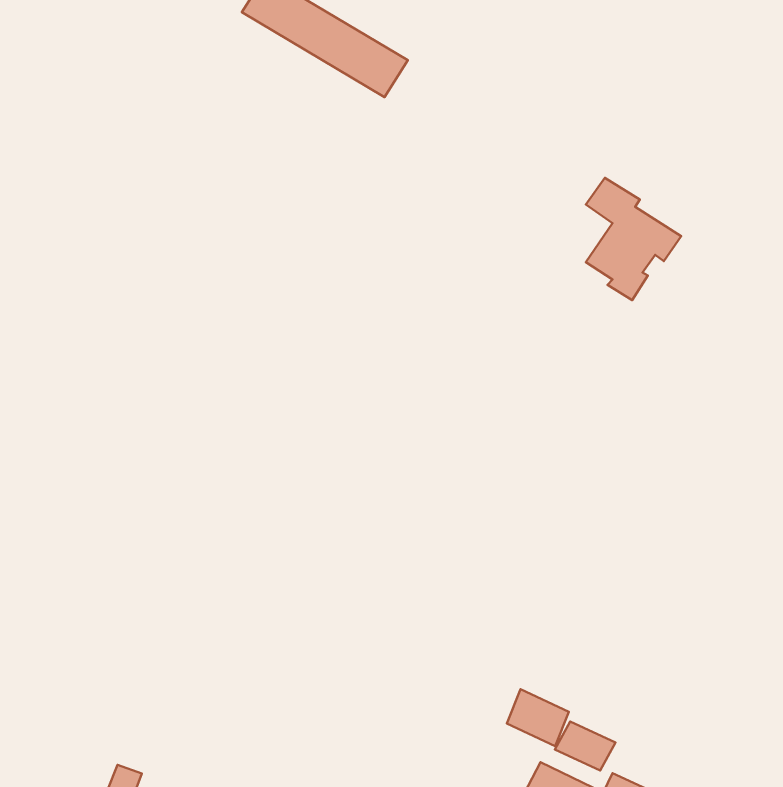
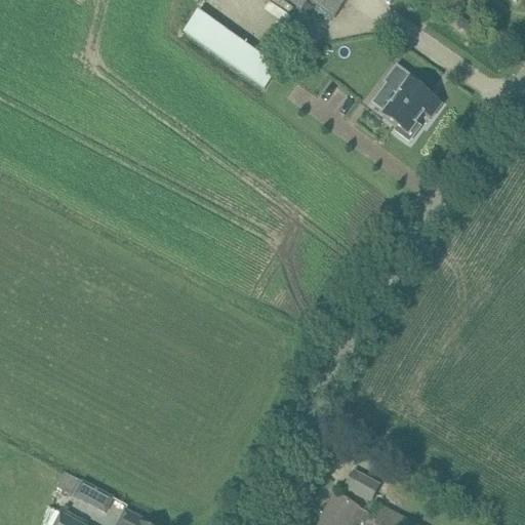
building: [586,178,681,300] -> [381,65,440,139]
building: [507,689,569,746] -> none

